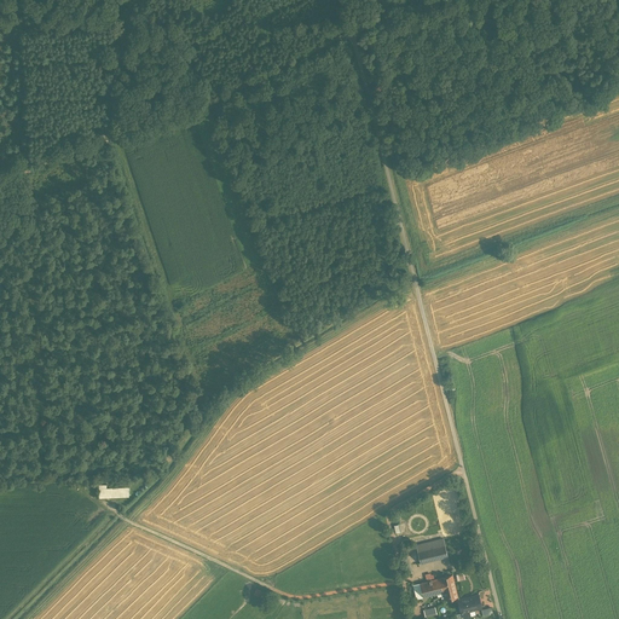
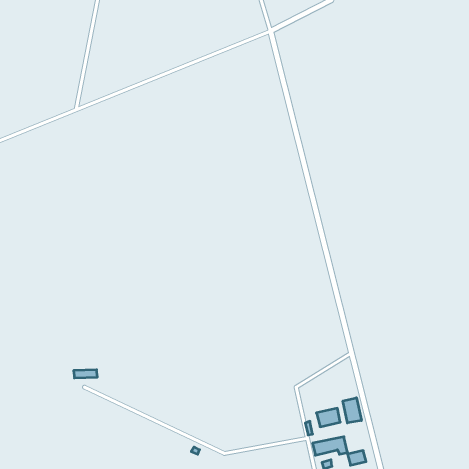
building: none -> [343,398,361,423]

